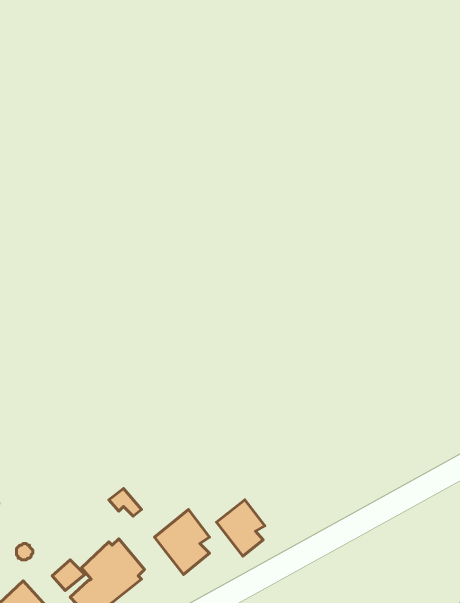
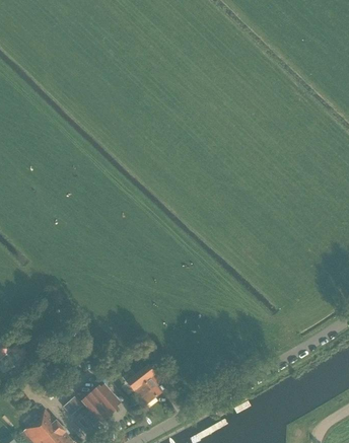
building: [217,500,265,556] -> none

